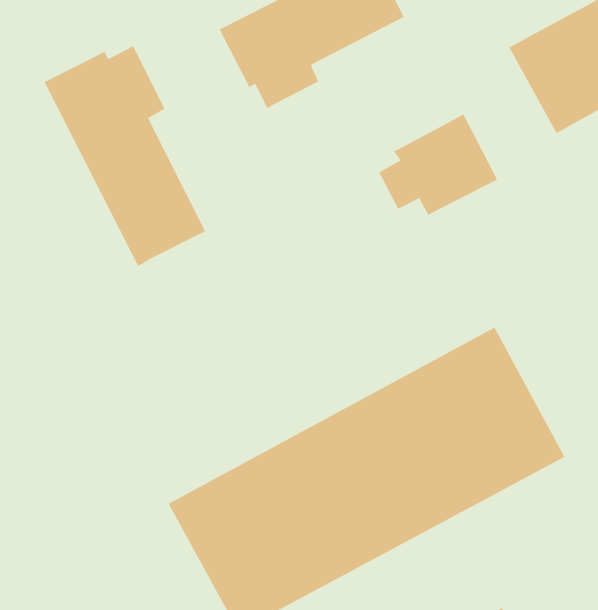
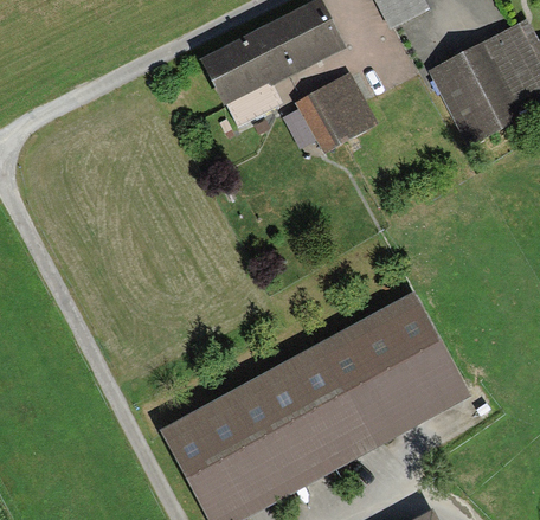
building: [44,45,206,267] -> none
building: [378,114,498,216] -> [282,69,377,149]

